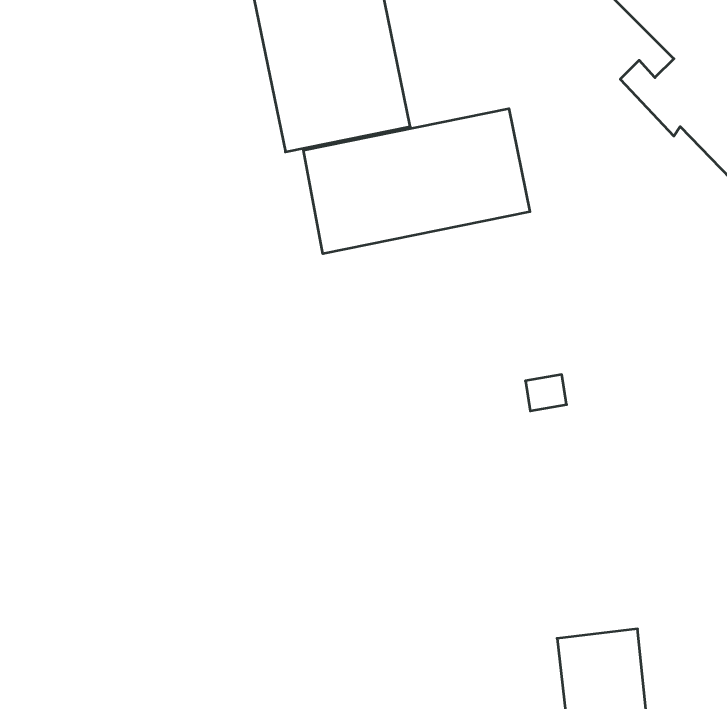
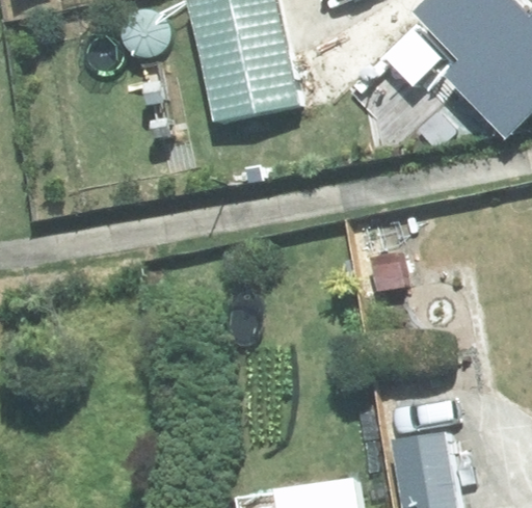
building: [303,109,530,254] -> none

